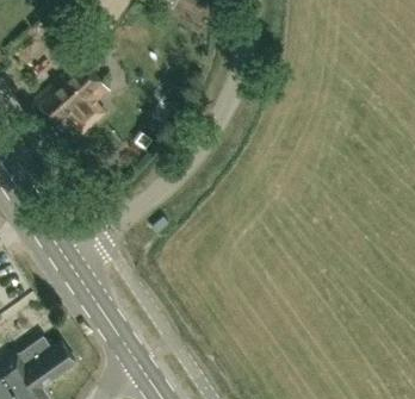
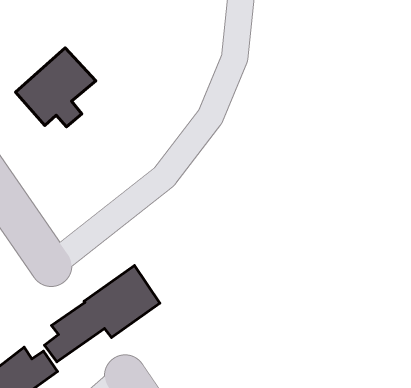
building: none -> [44,265,160,362]

